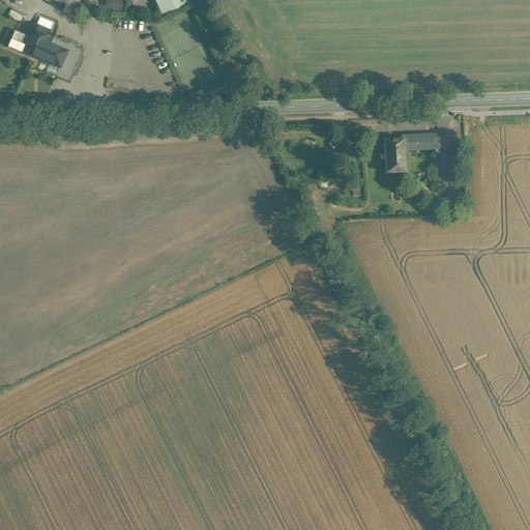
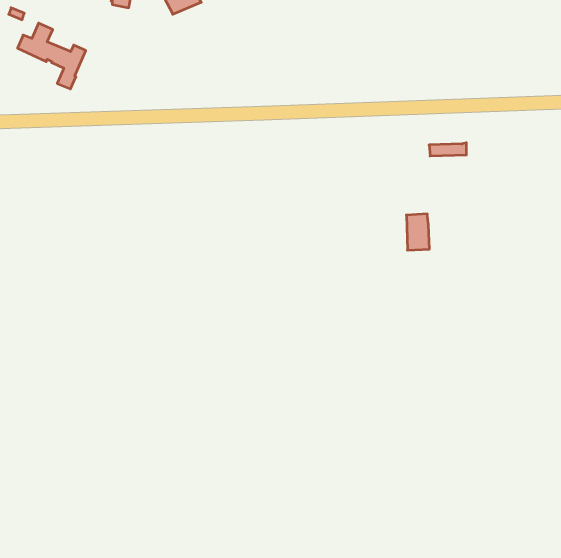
building: [385,137,407,171] -> [406,214,429,250]

